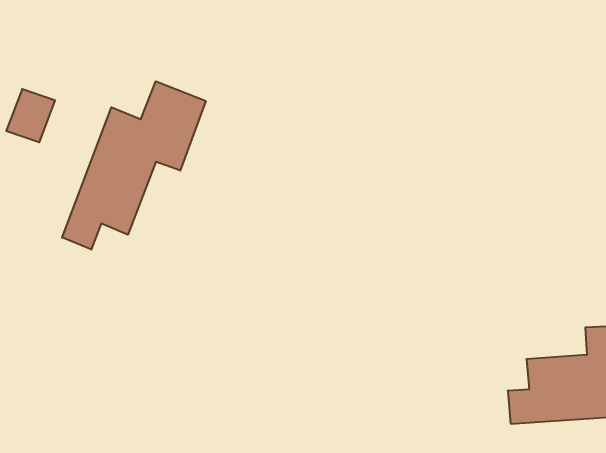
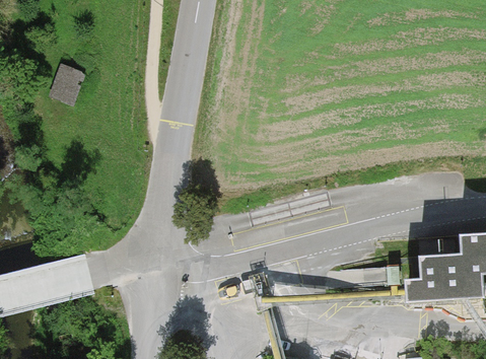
building: [62,81,206,250] -> none

